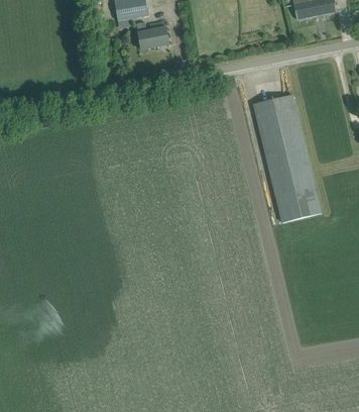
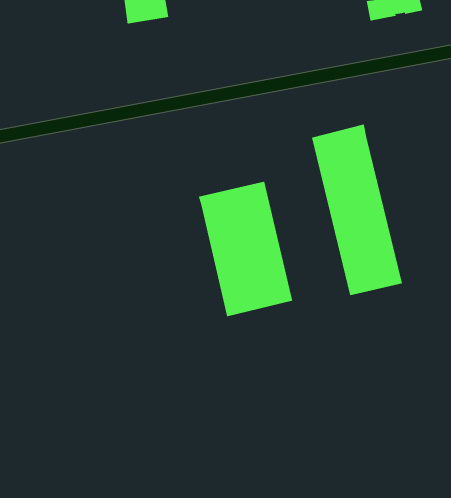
building: [136,22,168,49] -> none
building: none -> [198,181,293,317]

